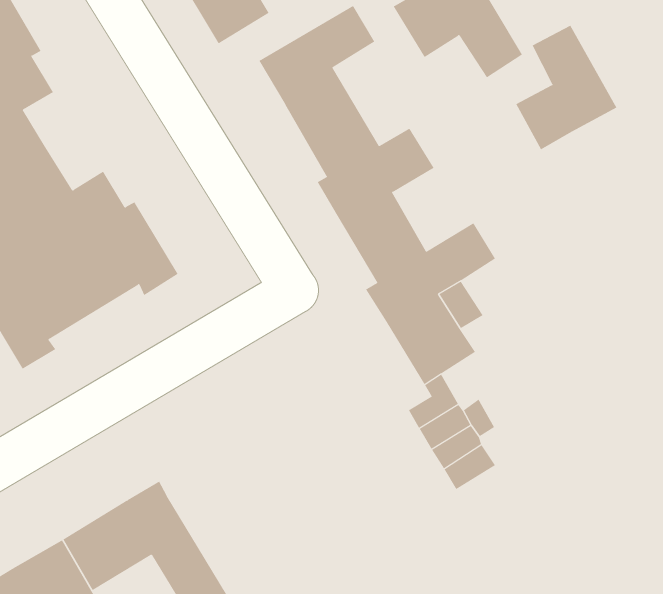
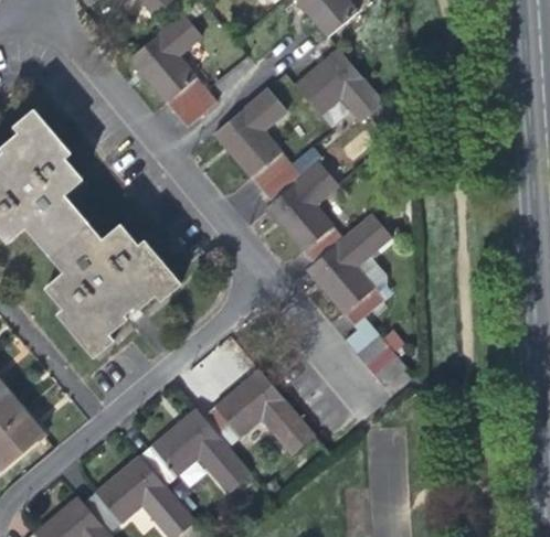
building: [516,25,617,150] -> none
building: none -> [200,374,310,458]

